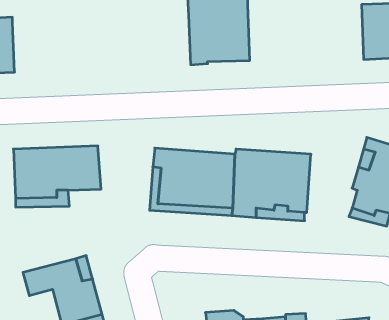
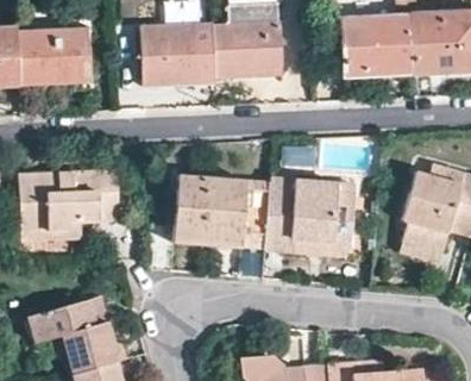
building: none -> [344,12,414,76]
building: none -> [140,24,219,88]
building: none -> [18,29,94,88]

